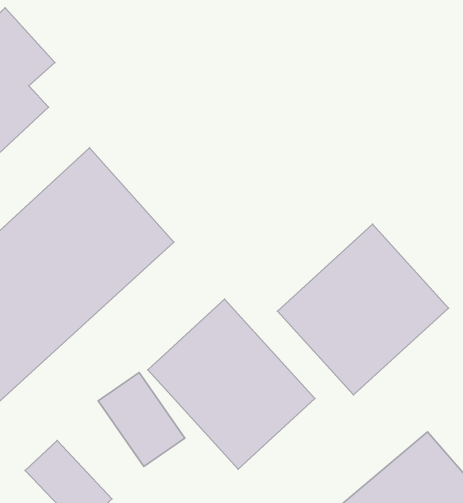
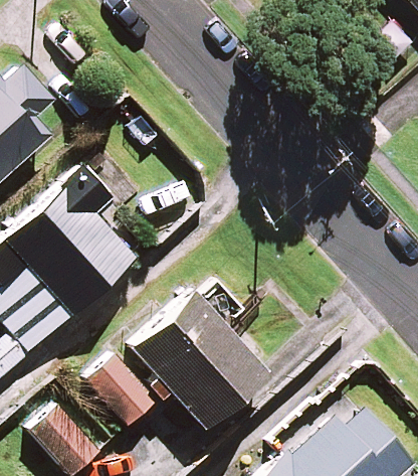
building: [277,224,448,395] -> none

